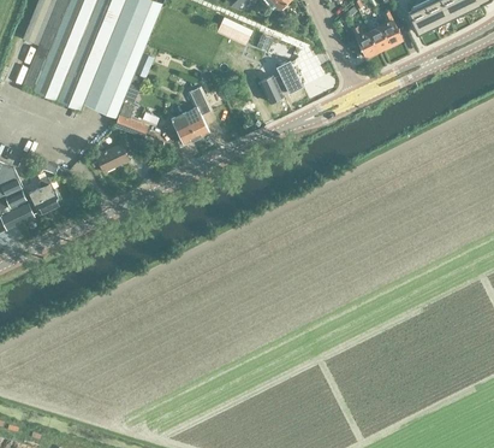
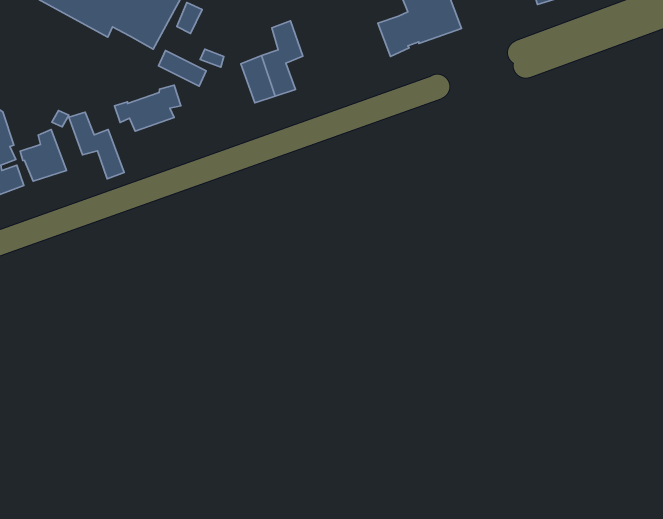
building: none -> [69,112,124,179]

